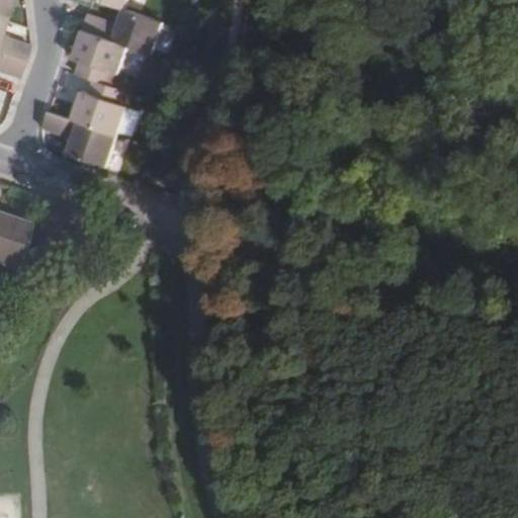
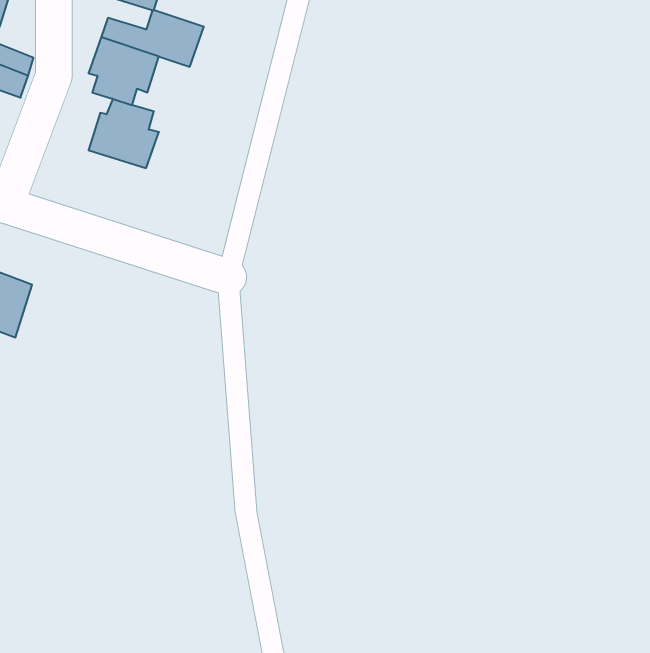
building: [39,110,115,166] -> none

